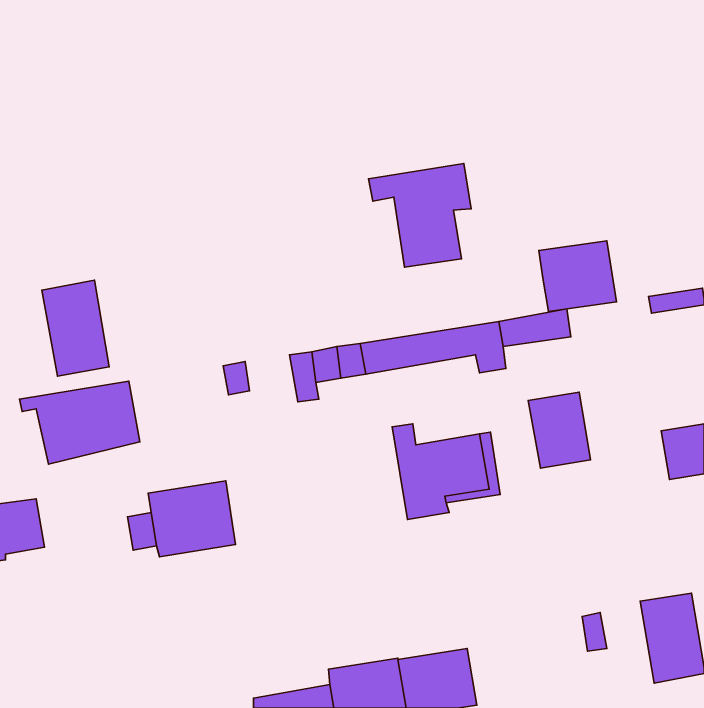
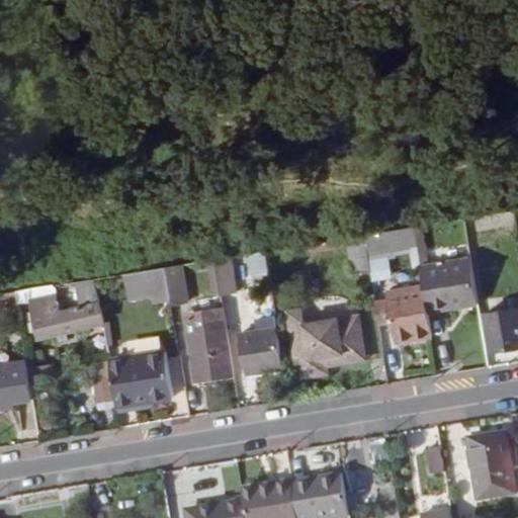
building: [368,163,471,267] -> none
building: [539,241,616,312] -> [420,259,477,311]
building: [42,280,109,376] -> none
building: none -> [132,267,168,298]
building: none -> [183,310,233,379]
building: none -> [238,328,283,373]

